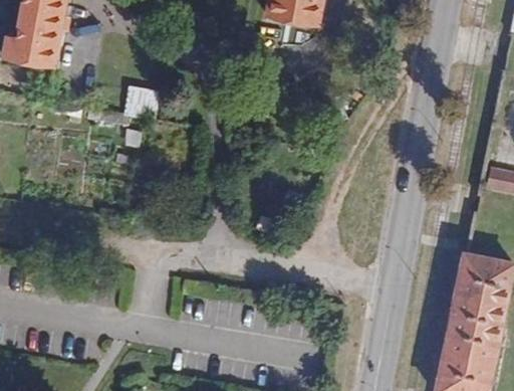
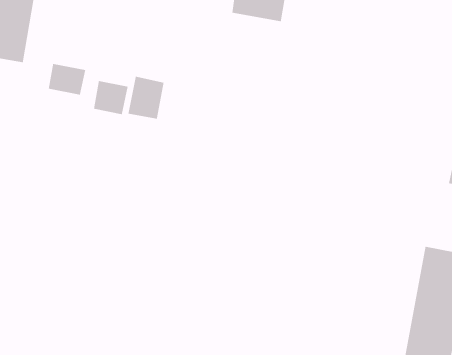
building: none -> [48,63,86,95]
building: none -> [128,76,164,119]

